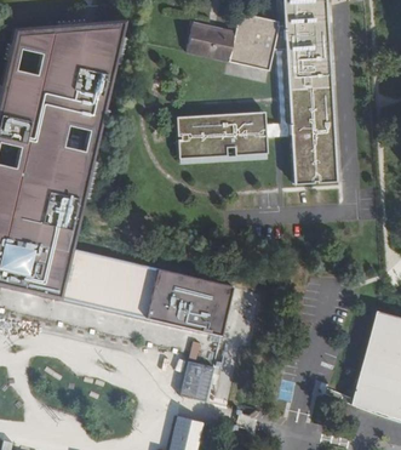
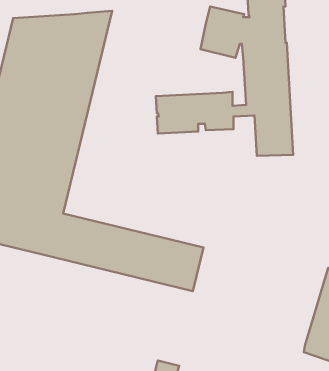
building: [187,23,235,62] -> none
building: [181,360,214,403] -> none

